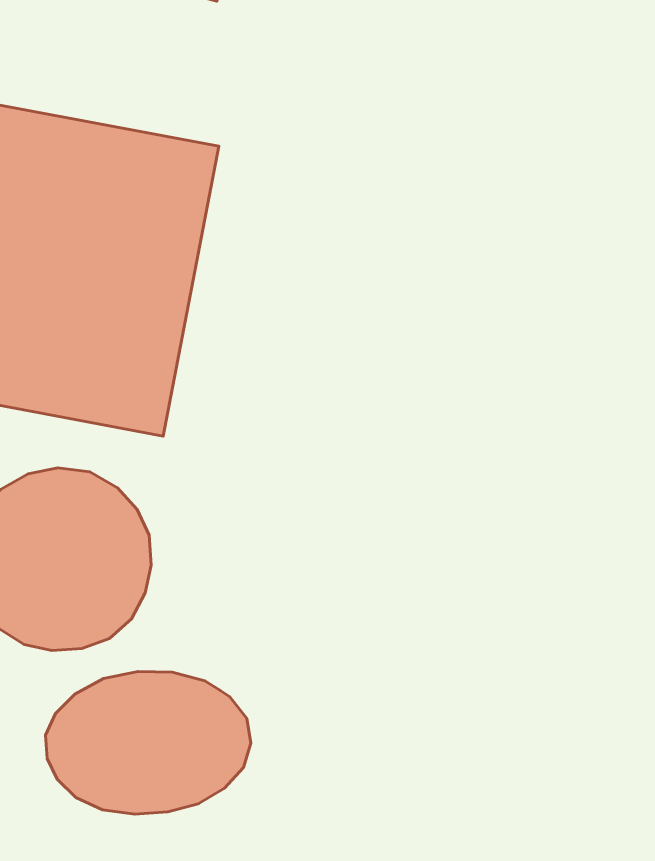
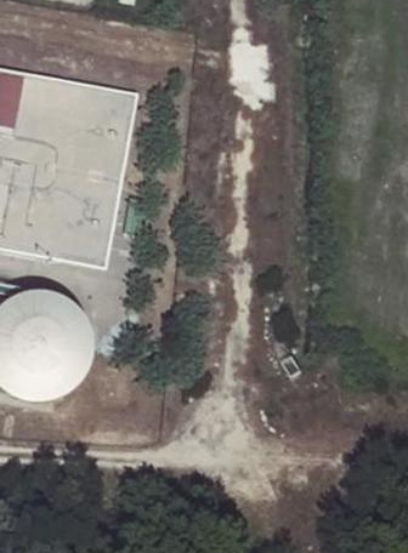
building: [46,671,251,814] -> none

